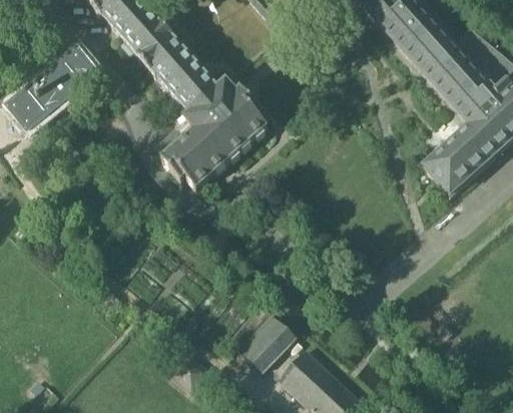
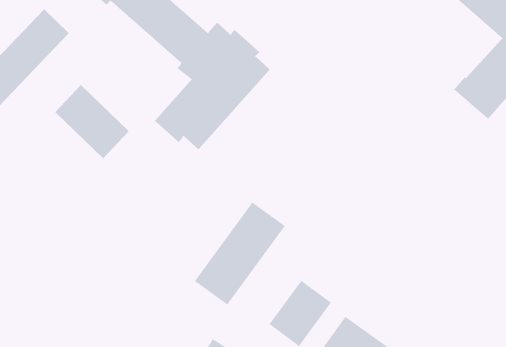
building: none -> [54,84,130,159]
building: none -> [194,202,286,305]

